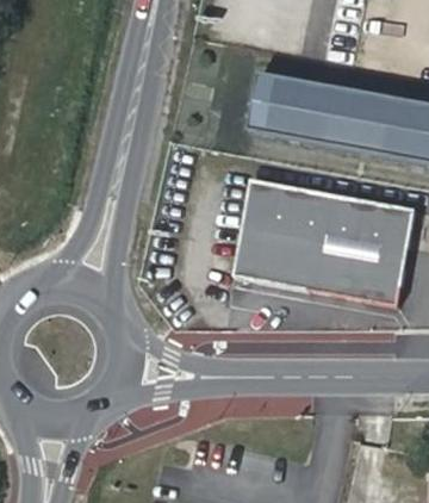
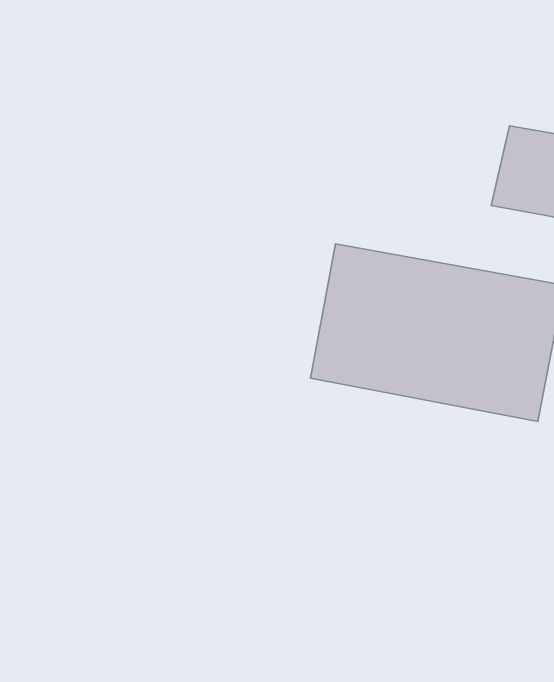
building: [248,70,377,150] -> none

